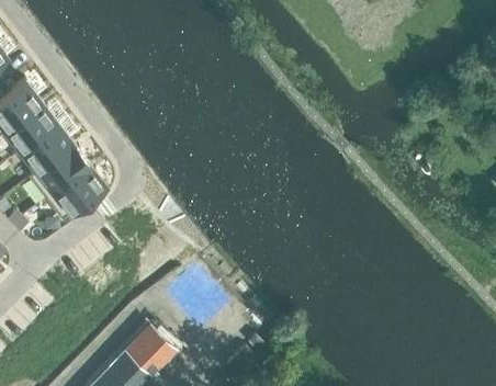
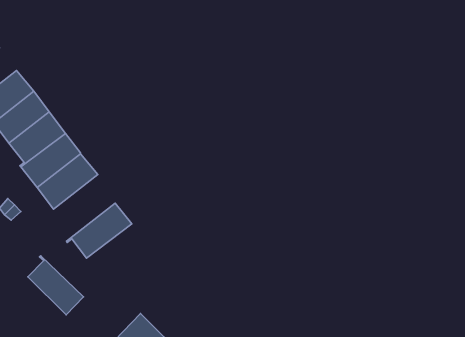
building: none -> [66,203,132,258]
building: none -> [28,256,83,315]

